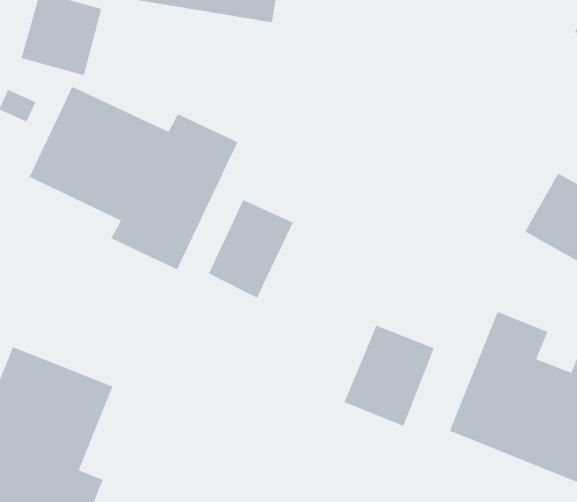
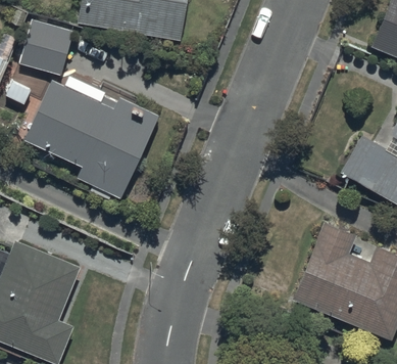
building: [208,199,294,299] -> none
building: [344,325,435,427] -> none

